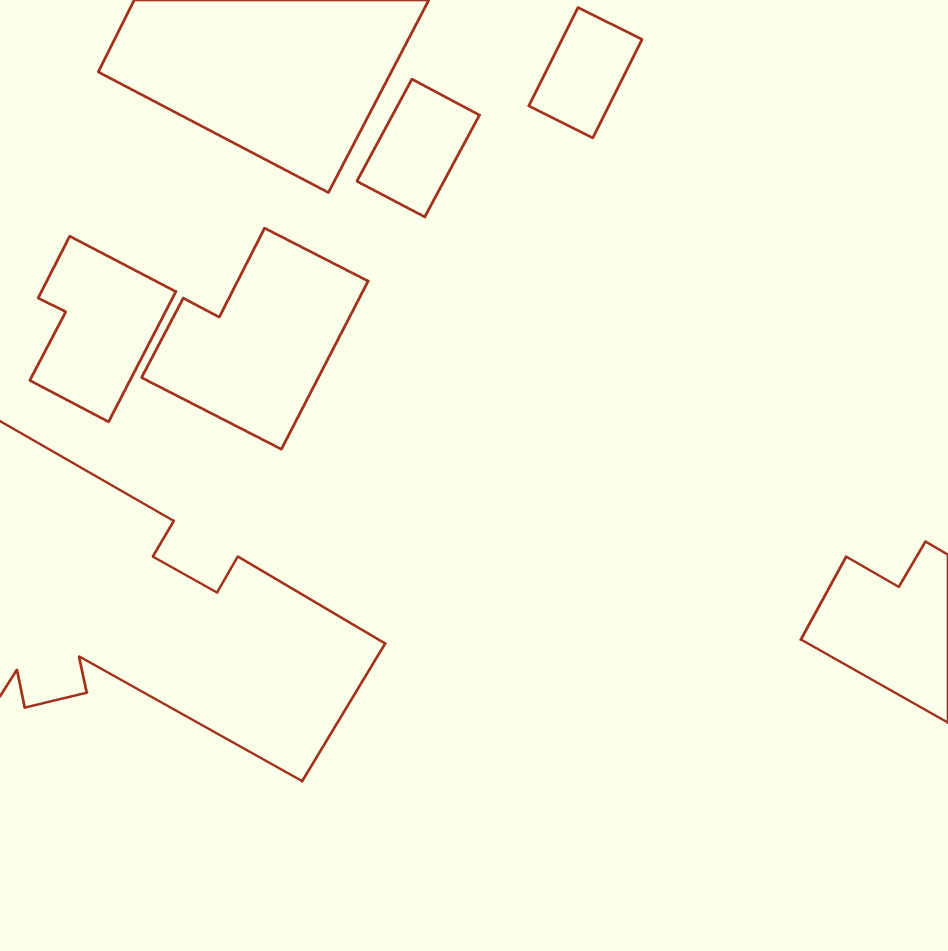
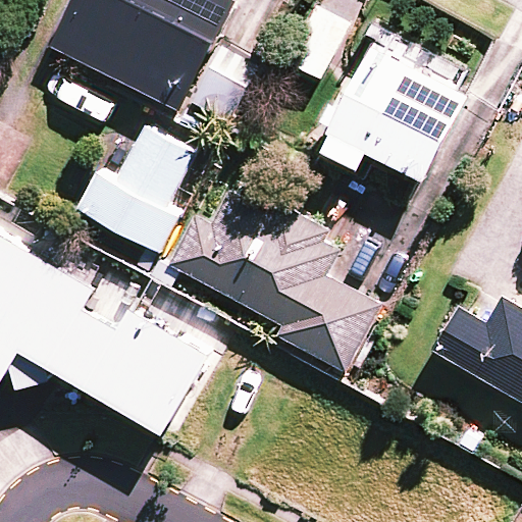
building: none -> [324,46,466,176]
building: [30,236,176,422] -> none
building: none -> [170,185,380,373]

